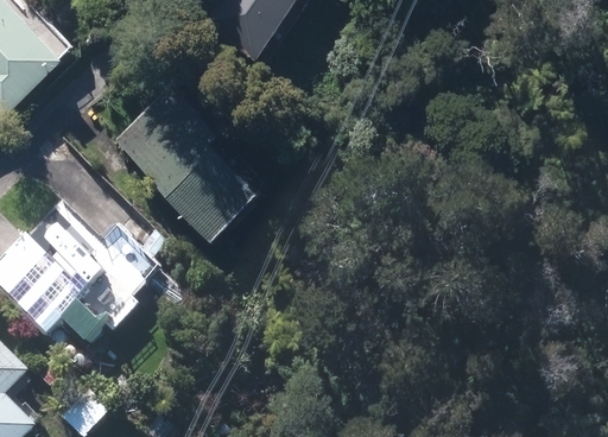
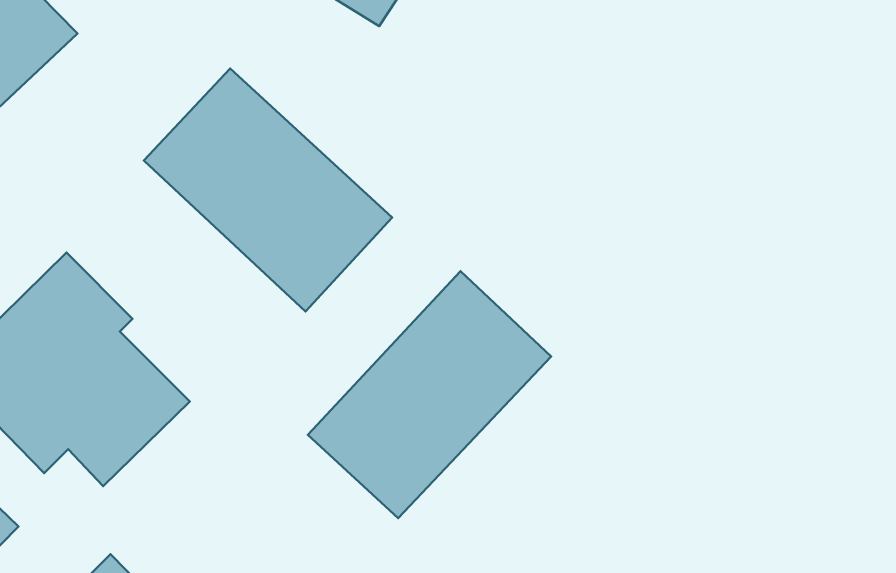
building: none -> [308,271,551,518]

